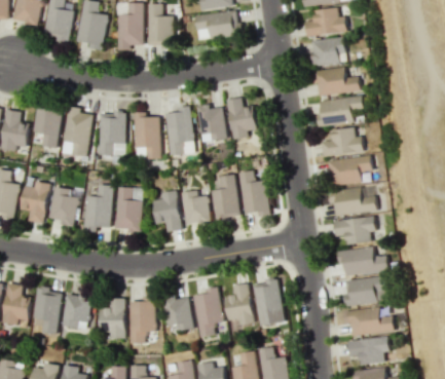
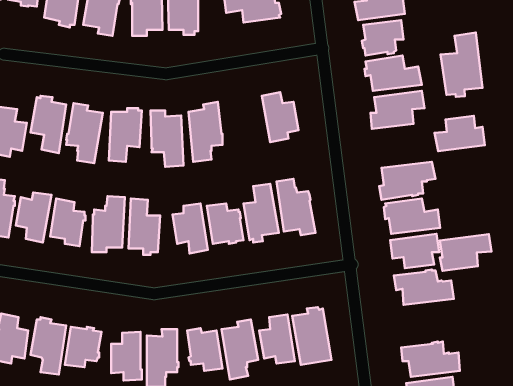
building: none -> [440,33,483,97]
building: [196,105,226,142] -> none
building: [321,127,363,157] -> [435,116,485,151]
building: [344,276,387,307] -> [440,234,491,271]

